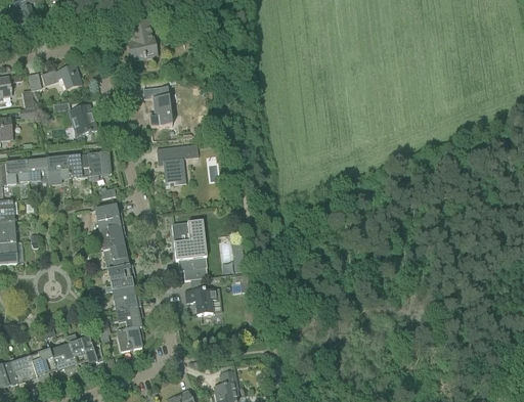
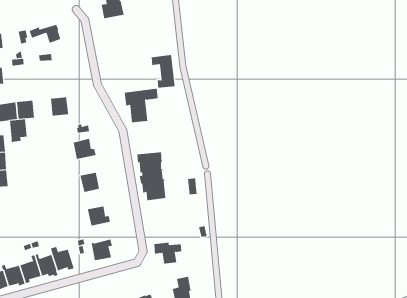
building: [142,85,172,126] -> [151,54,175,88]
building: [69,105,96,139] -> none
building: [87,151,111,179] -> none
building: [46,155,69,184] -> [9,119,28,143]
building: [98,224,124,249] -> none
building: [104,264,133,292] -> none
building: [184,287,219,314] -> [153,242,182,264]
building: [116,305,141,330] -> none

